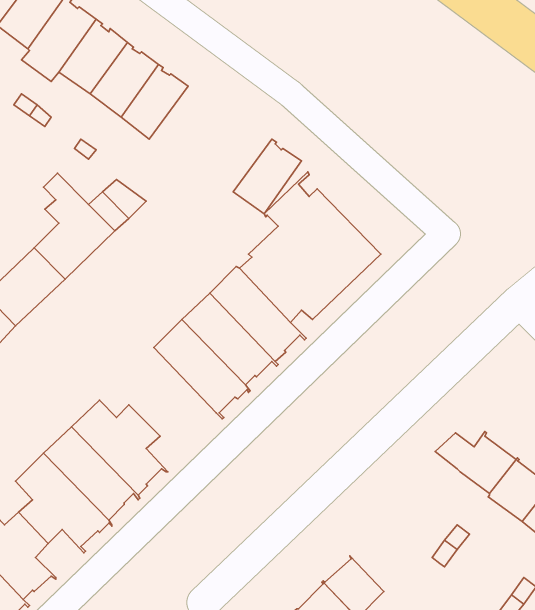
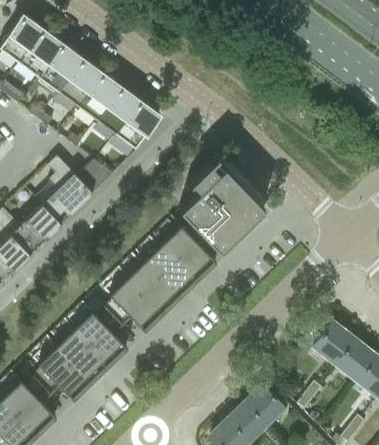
building: [233,139,302,214] -> [116,100,160,148]
building: none -> [101,268,159,331]
building: none -> [245,385,285,425]

